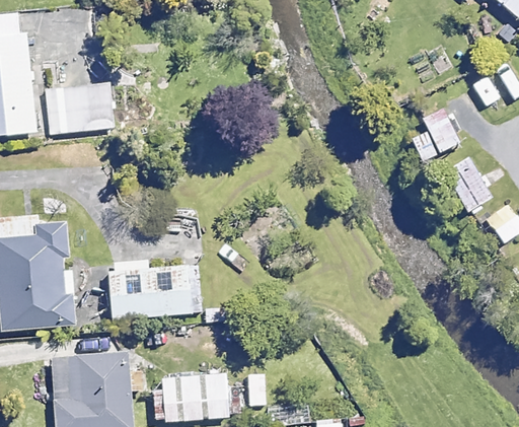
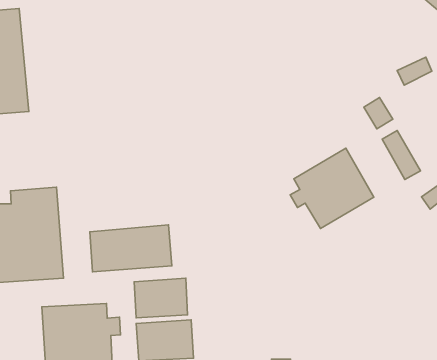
building: [46,84,113,135] -> none
building: none -> [290,148,374,228]
building: none -> [134,278,188,318]

